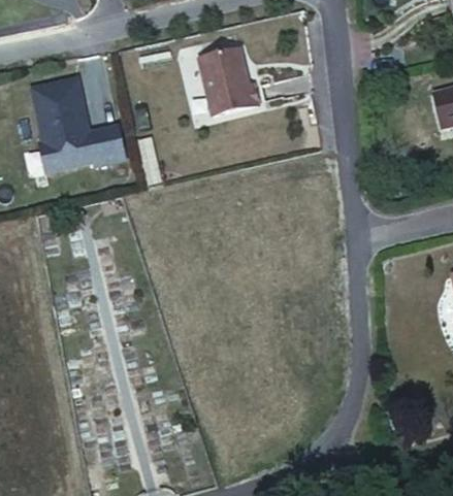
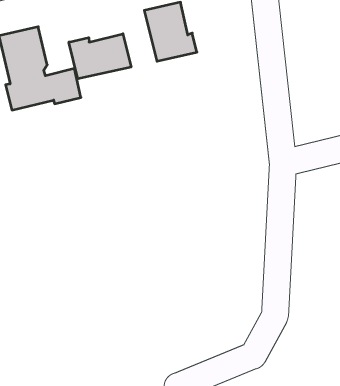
building: none -> [69,34,131,79]

